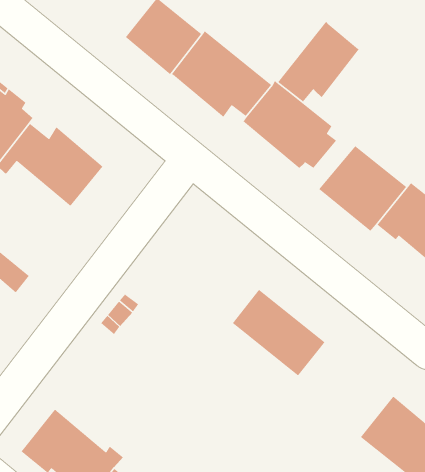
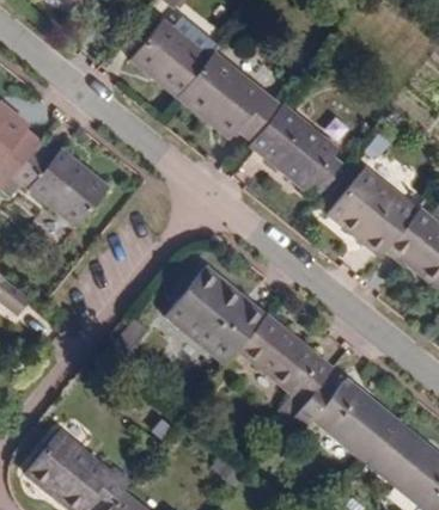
building: [277,21,361,103] -> none
building: none -> [165,265,264,362]
building: none -> [293,371,400,461]

